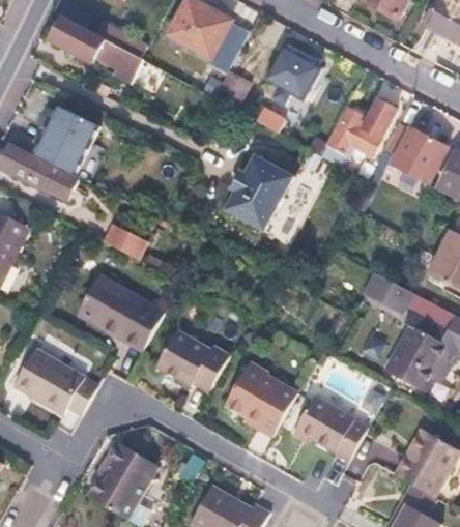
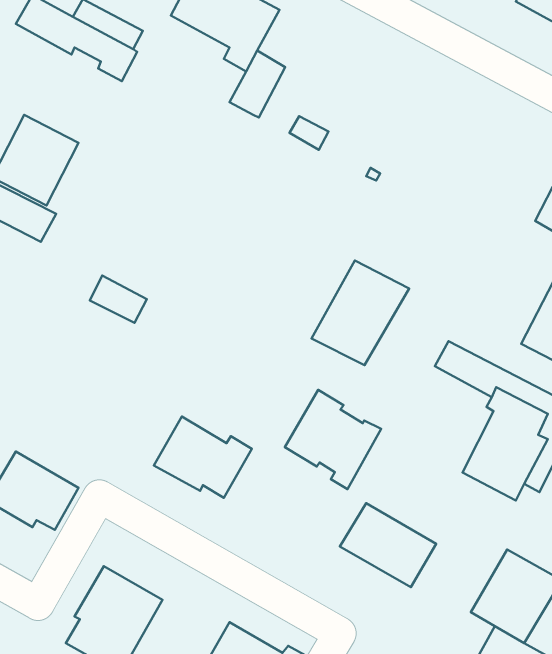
building: [265,46,320,101] -> none
building: [320,97,396,167] -> none
building: [382,122,444,183] -> none
building: [224,152,296,230] -> [311,260,409,365]
building: [87,280,161,349] -> none
building: [223,362,294,436] -> [285,390,381,489]

